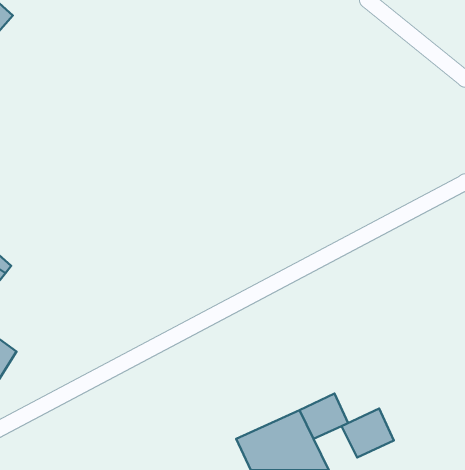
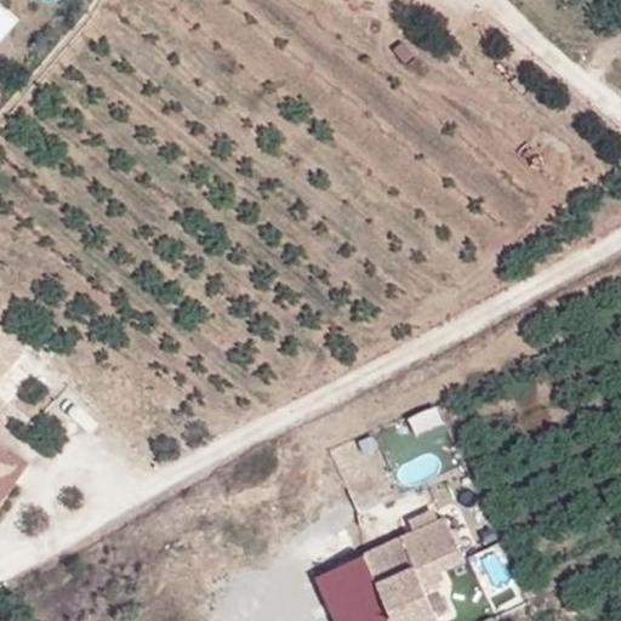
building: [341,409,394,457] -> none

